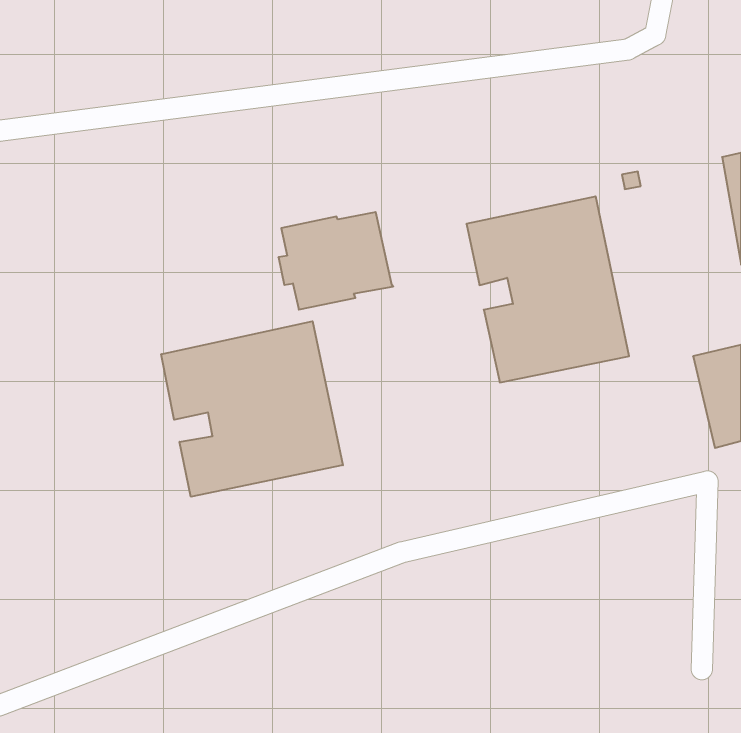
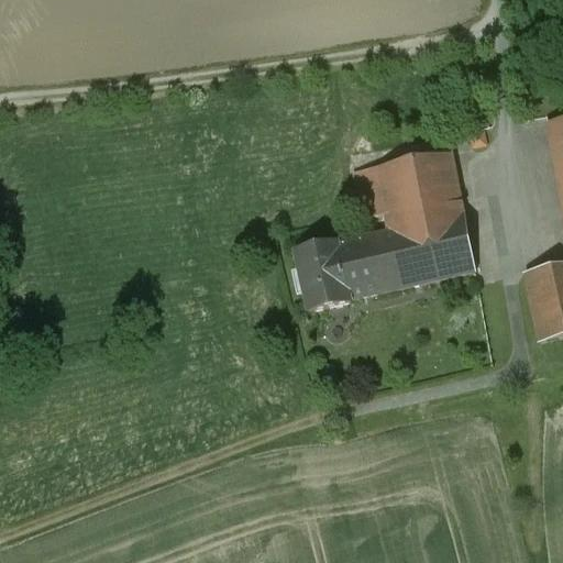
building: [278,212,393,310] -> [292,234,379,308]
building: [161,321,343,497] -> none

